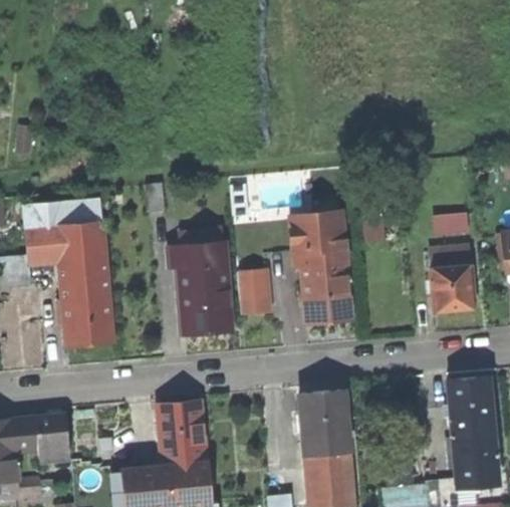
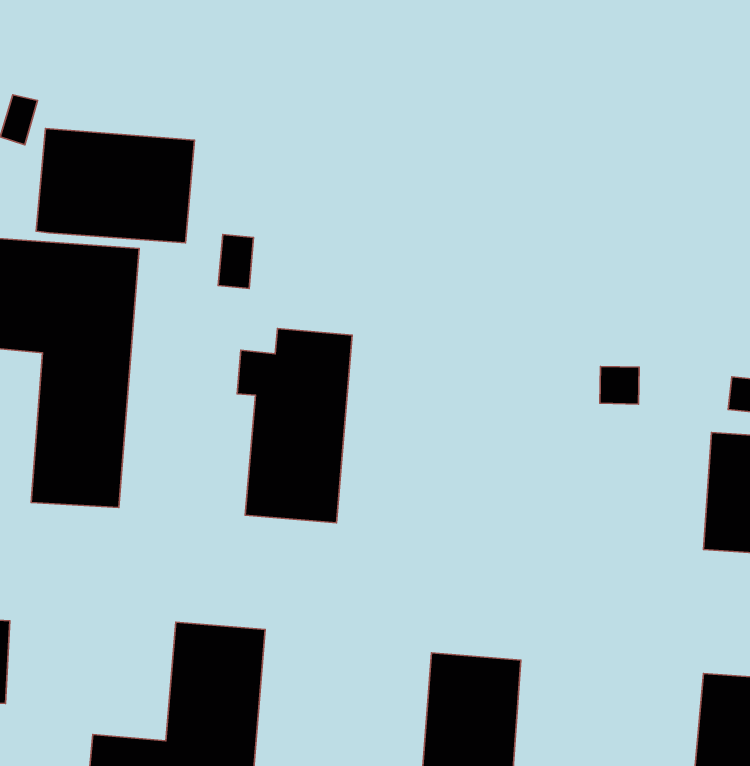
building: none -> [36,129,194,243]
building: [287,212,354,326] -> none
building: [239,272,272,317] -> none

